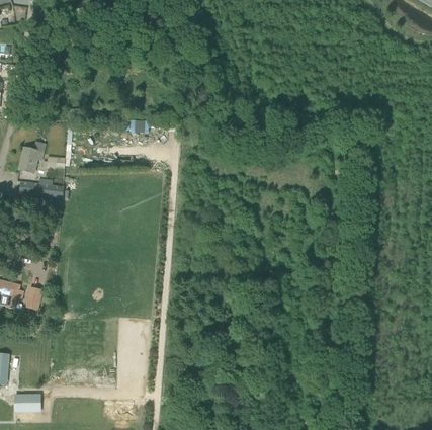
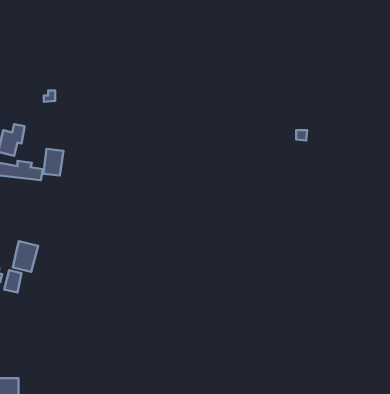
building: none -> [44,149,64,176]
building: none -> [13,241,38,272]

